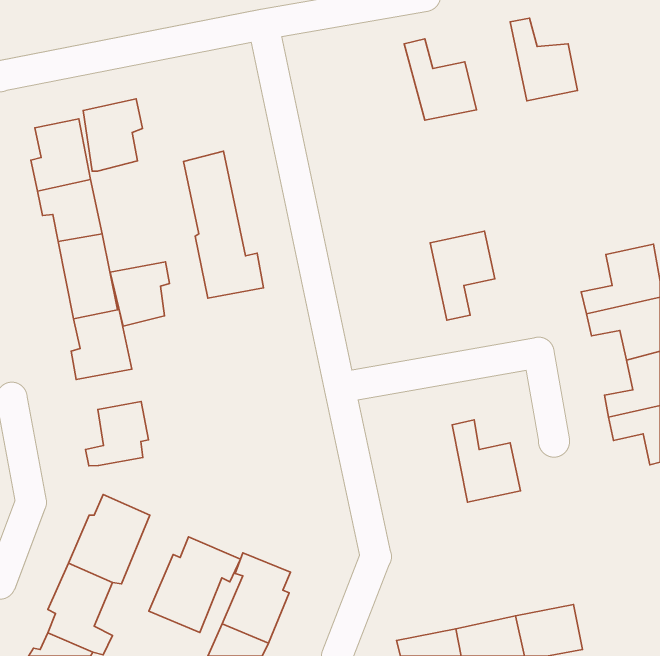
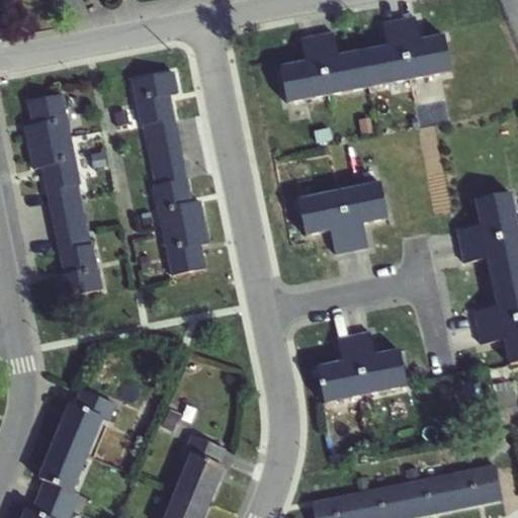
building: none -> [364,17,413,86]
building: none -> [279,34,333,102]
building: [83,99,143,171] -> [133,70,179,126]
building: none -> [296,190,350,255]
building: [110,262,170,326] -> [163,226,209,276]
building: [85,401,148,466] -> none
building: none -> [316,333,366,402]
building: [149,537,240,633] -> none
building: none -> [449,464,502,509]

